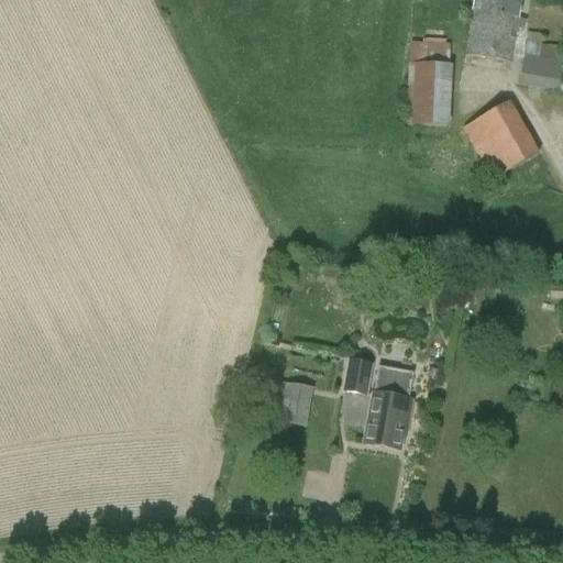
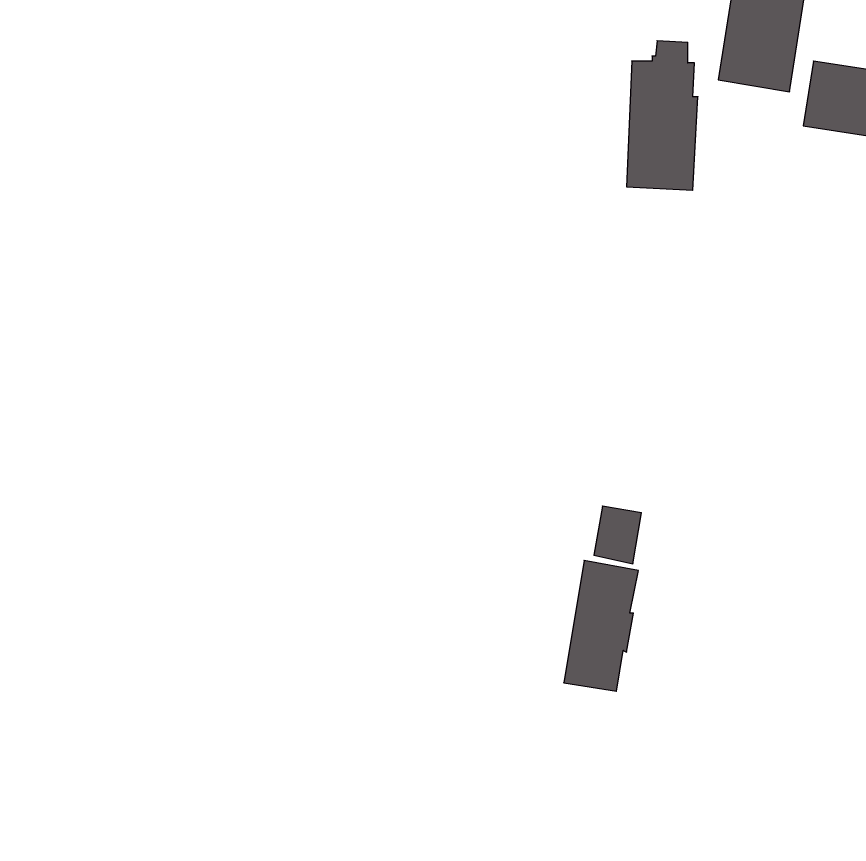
building: [464,98,539,177] -> none
building: [343,356,374,394] -> [594,506,641,564]
building: [275,379,302,422] -> none

